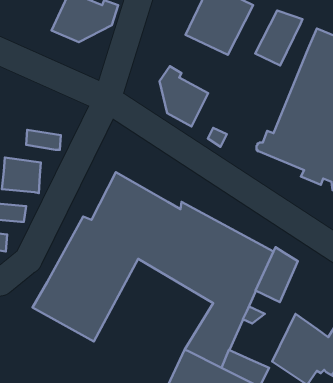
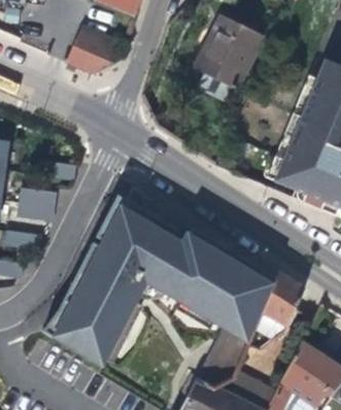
building: [255,10,303,65] -> none
building: [160,66,208,126] -> none

